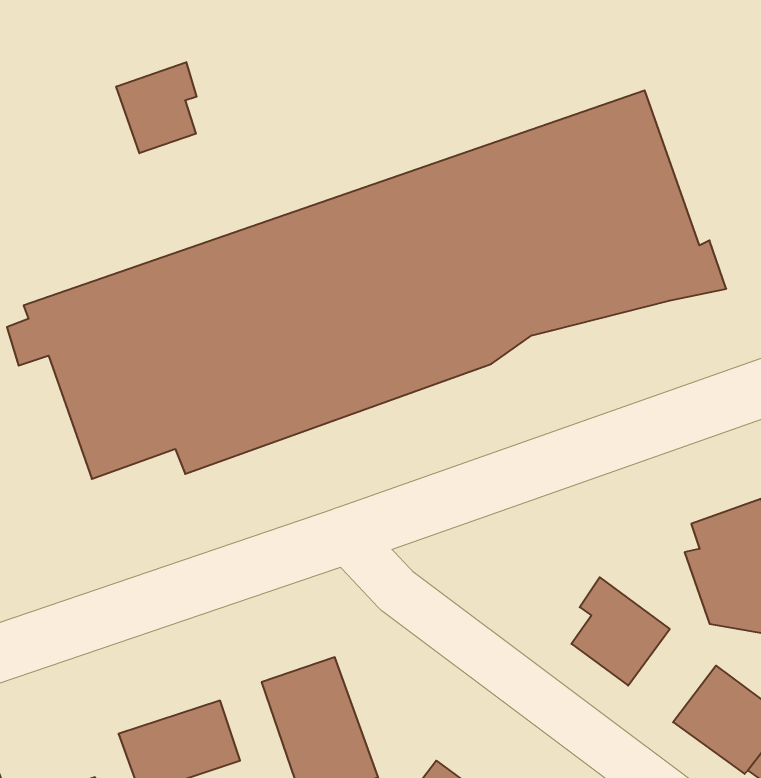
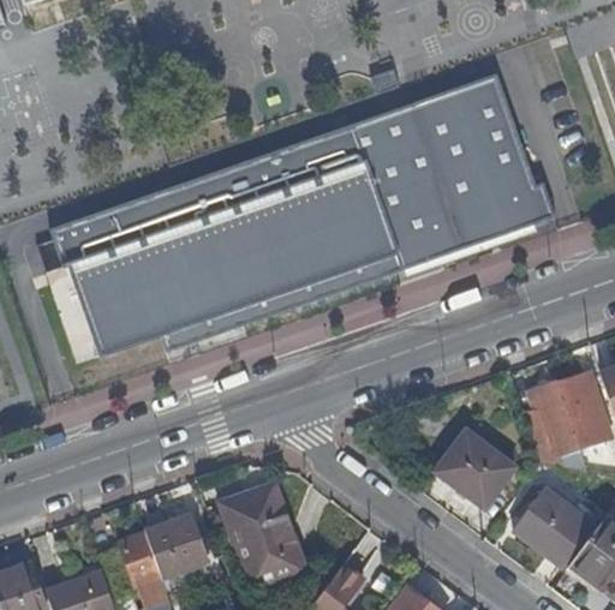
building: [116,62,197,153] -> none

